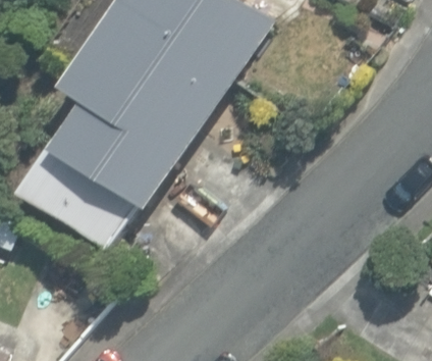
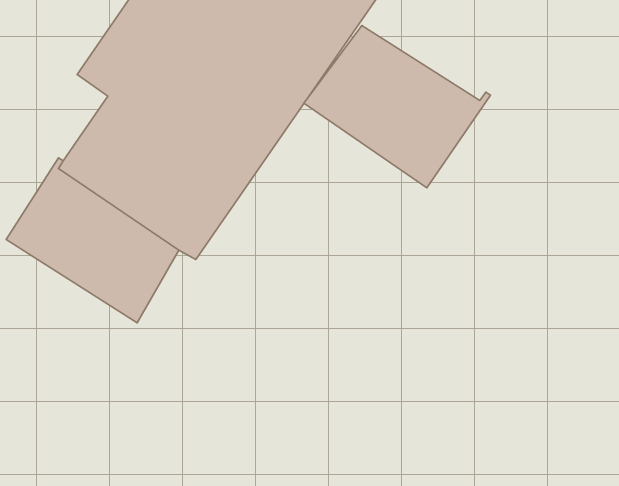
building: none -> [304,26,490,188]

